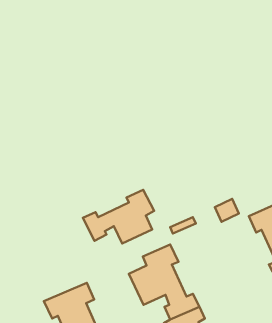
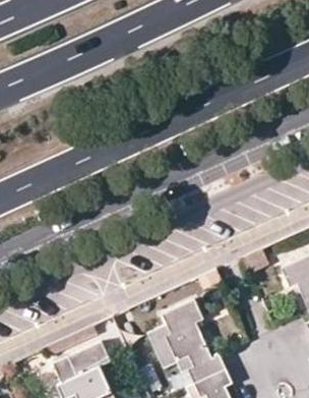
building: [83,190,154,244] -> none

